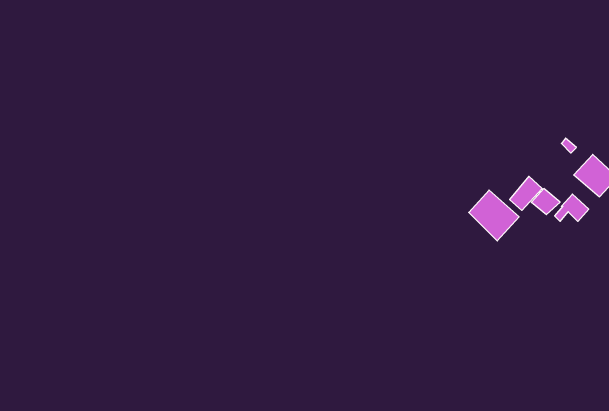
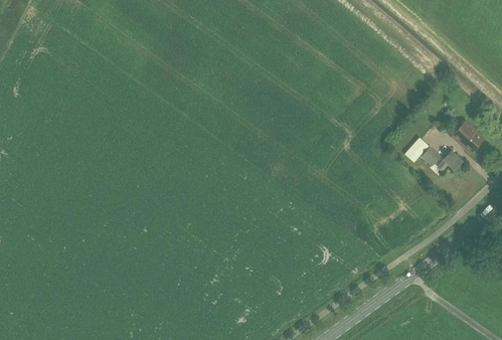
building: [469,190,519,241] -> none

